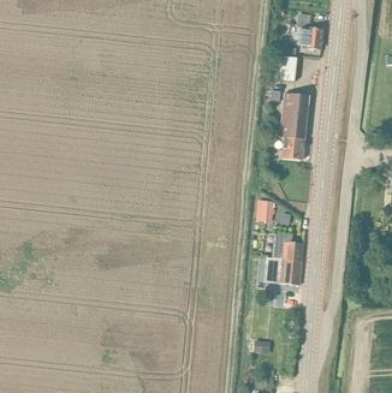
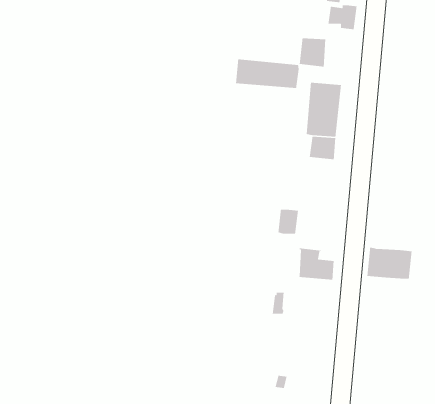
building: none -> [235,59,299,89]
building: [265,256,303,284] -> [367,247,412,280]

